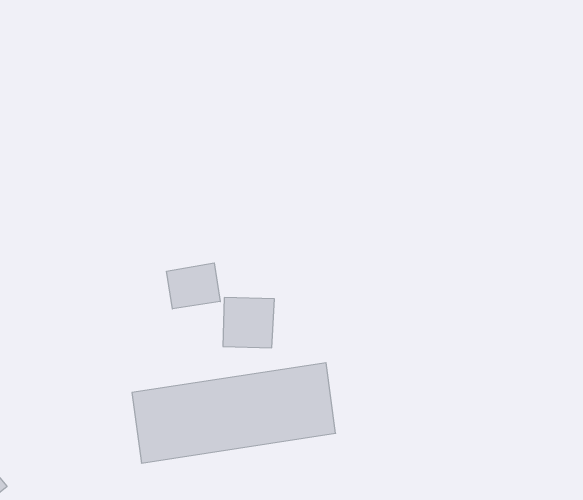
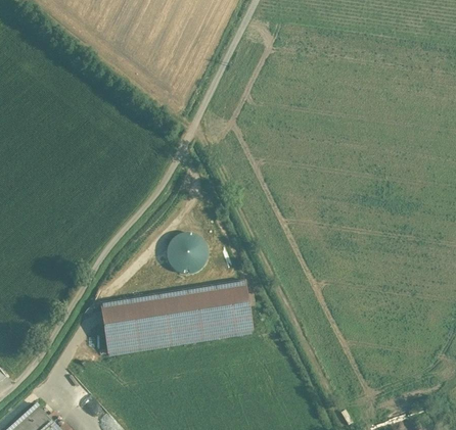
building: [167,263,220,309] -> none

